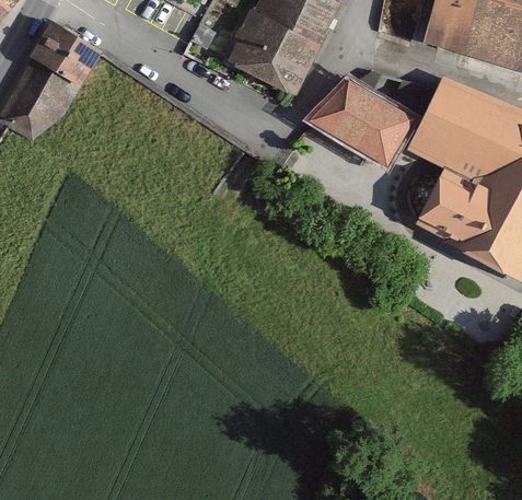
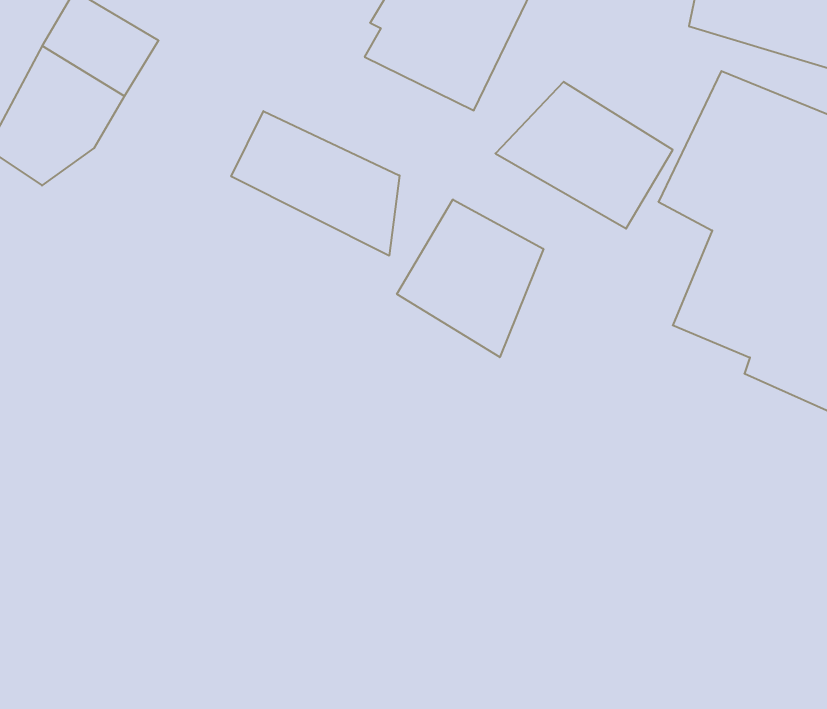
building: none -> [231,111,400,256]
building: none -> [397,199,543,357]

